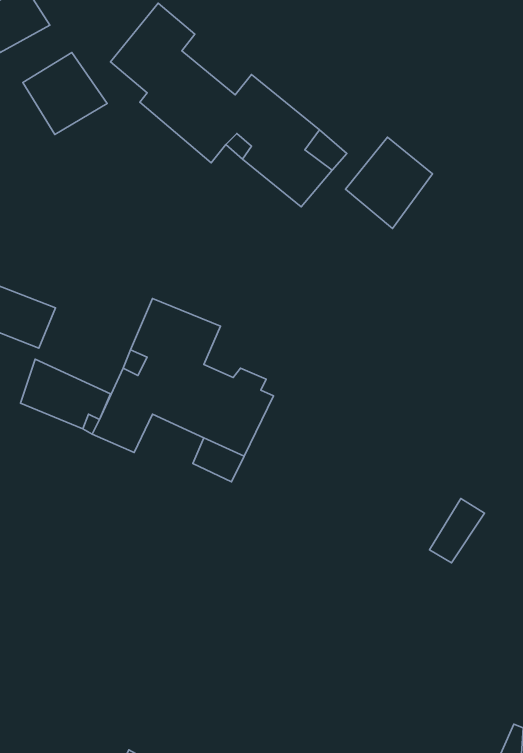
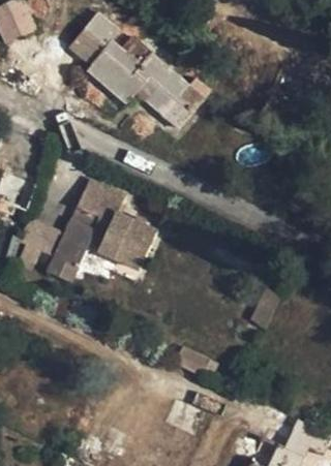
building: [23,53,107,135] -> none
building: [345,137,433,229] -> none

